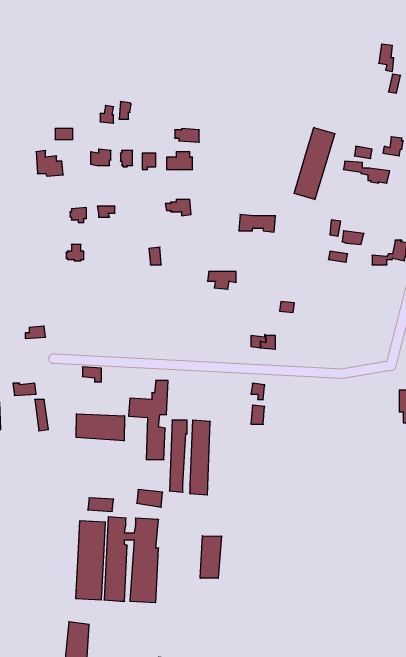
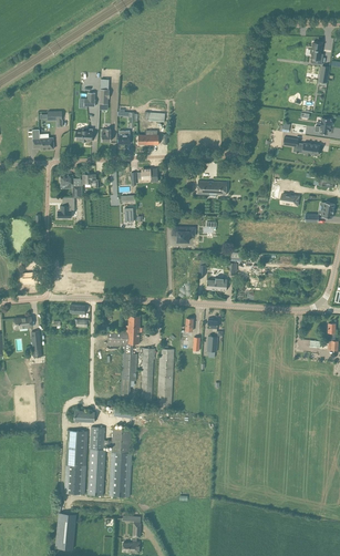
building: [294,127,335,200] -> none
building: [76,414,124,441] -> none
building: [200,536,222,578] -> none

